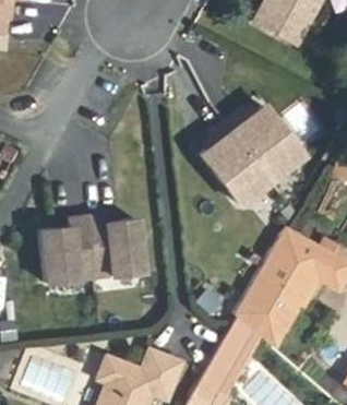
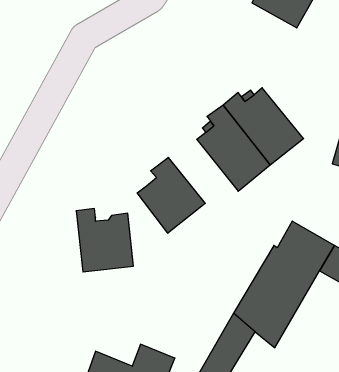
building: none -> [137,157,205,233]
building: [39,219,93,283] -> none

